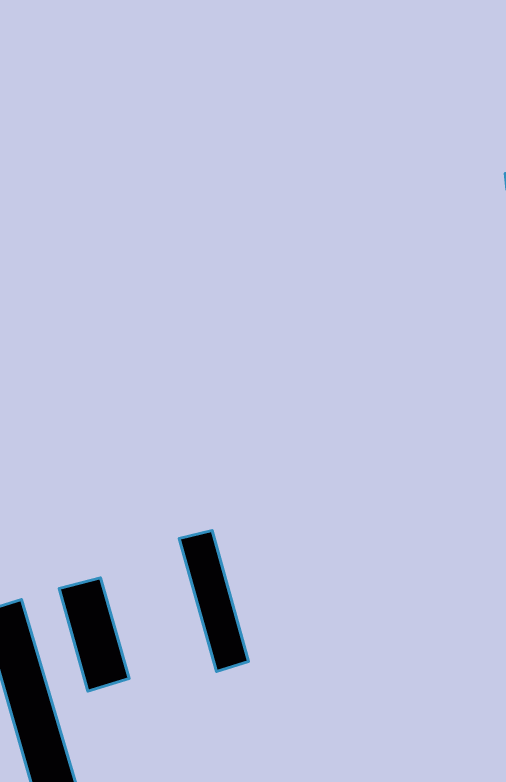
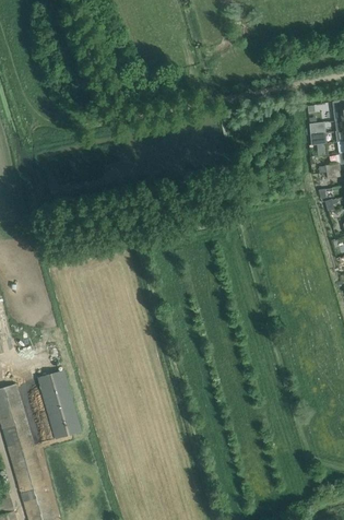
building: [179,530,249,672] -> none

